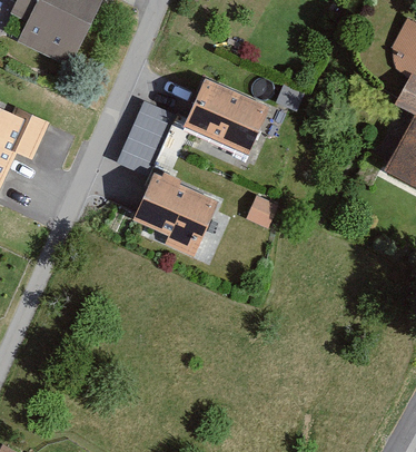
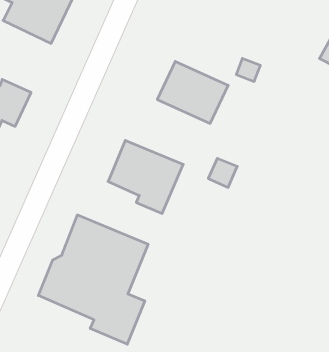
building: [117,99,171,173] -> none
building: none -> [38,215,148,344]

